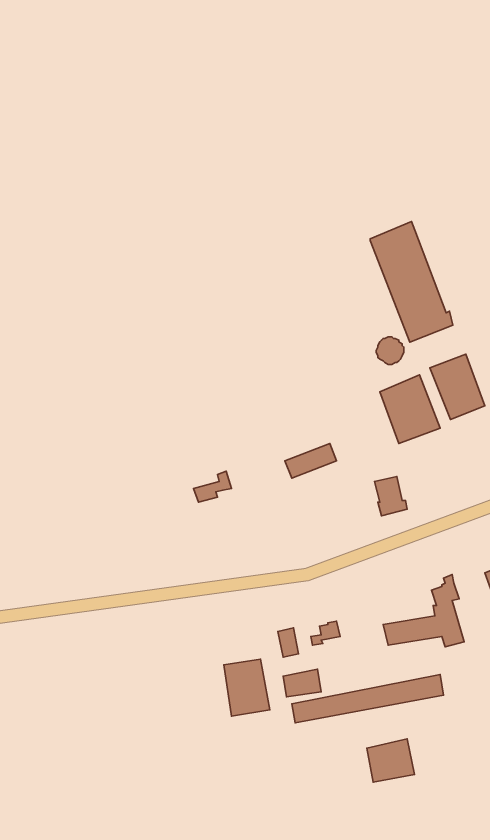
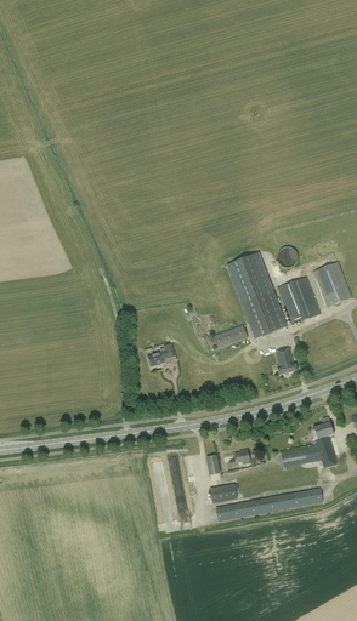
building: [370,222,453,342] -> [228,252,287,337]
building: [224,659,270,716] -> none
building: [367,739,414,782] -> none

